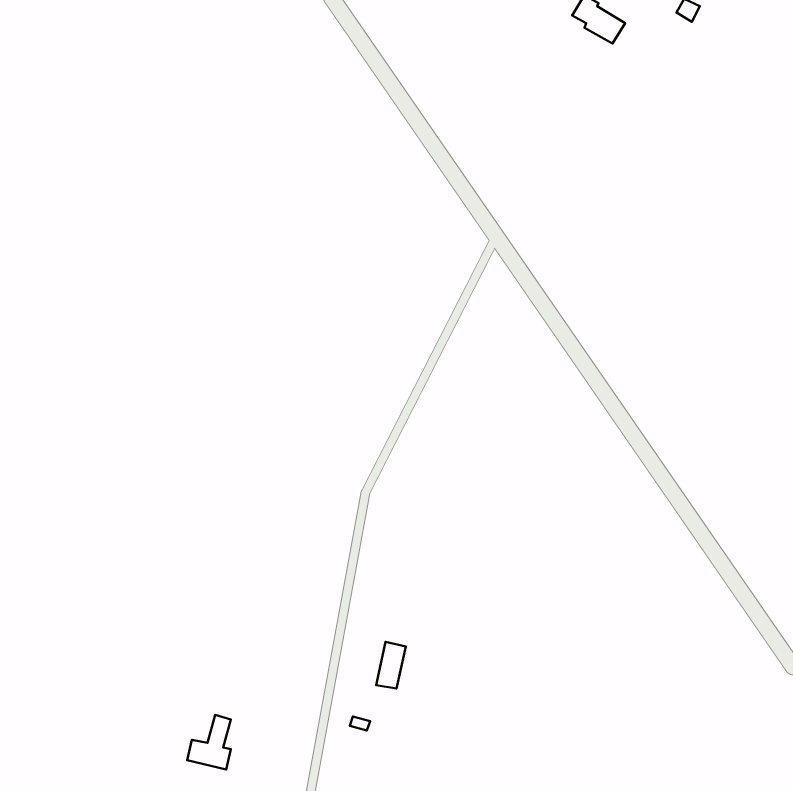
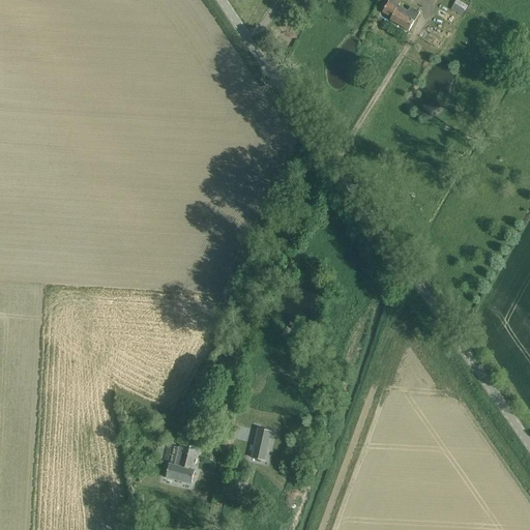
building: [187,715,231,769] -> [166,446,195,482]

